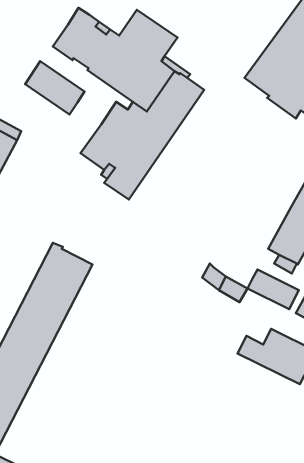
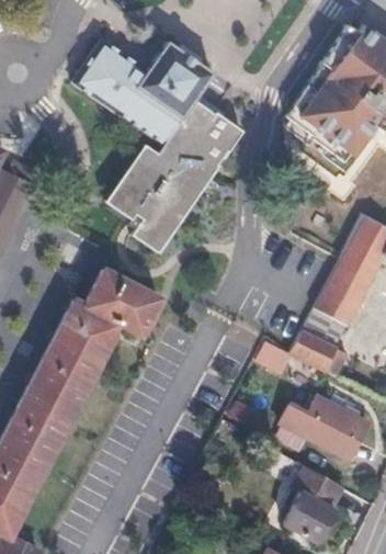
building: [25,61,85,114] -> none
building: none -> [84,271,159,337]
building: none -> [282,466,341,541]

